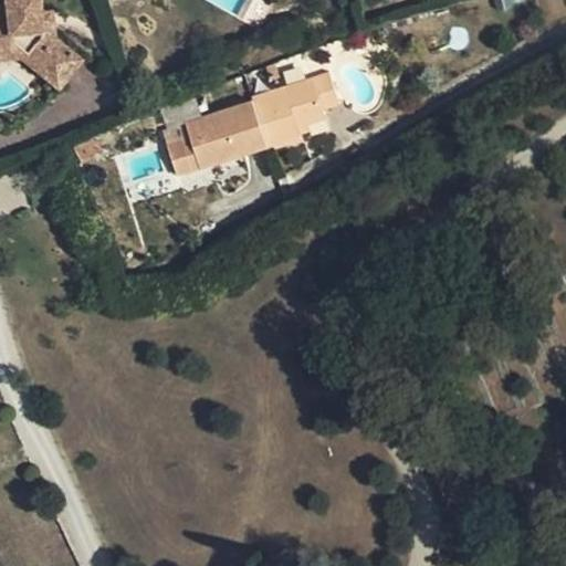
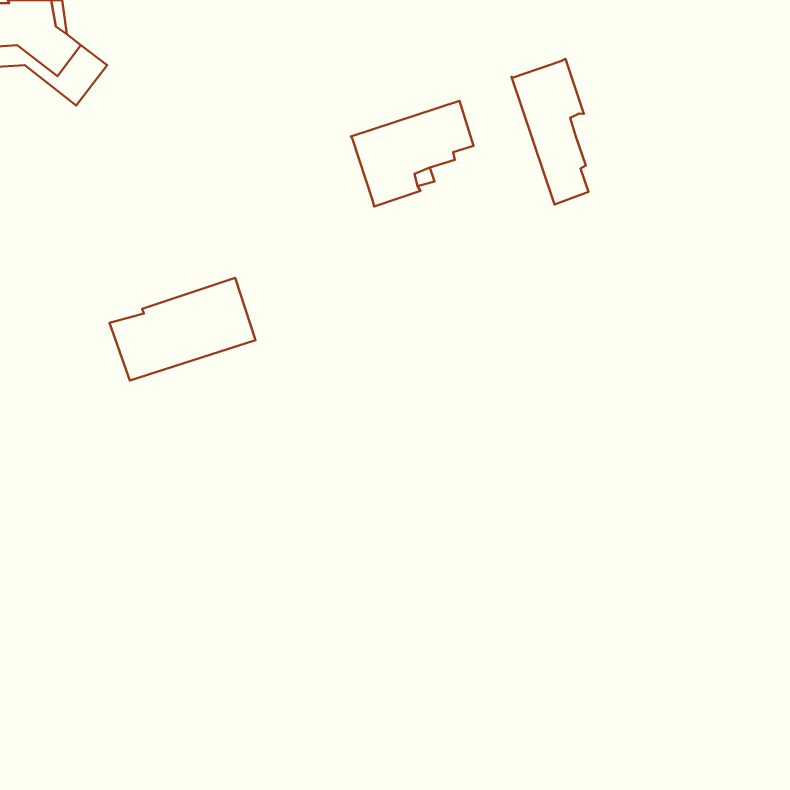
building: none -> [511,59,589,205]
building: [161,101,265,174] -> [110,278,255,380]

